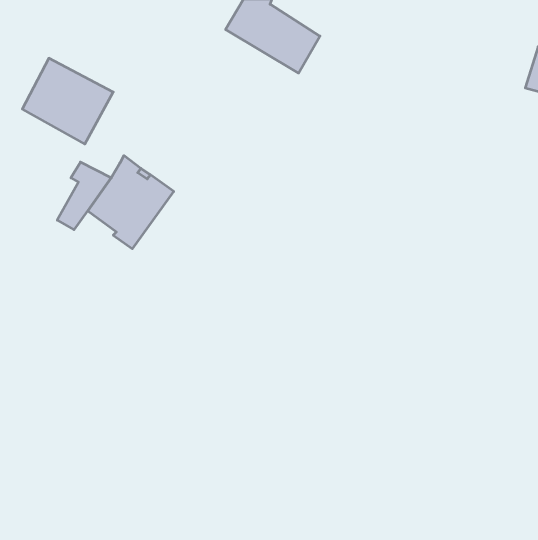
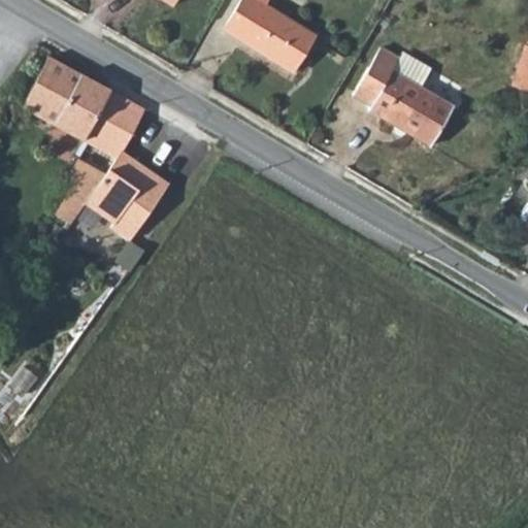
building: none -> [353,47,453,145]
building: none -> [86,90,147,159]

